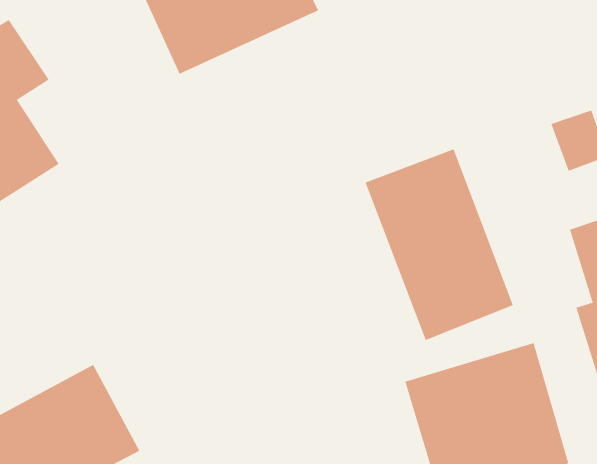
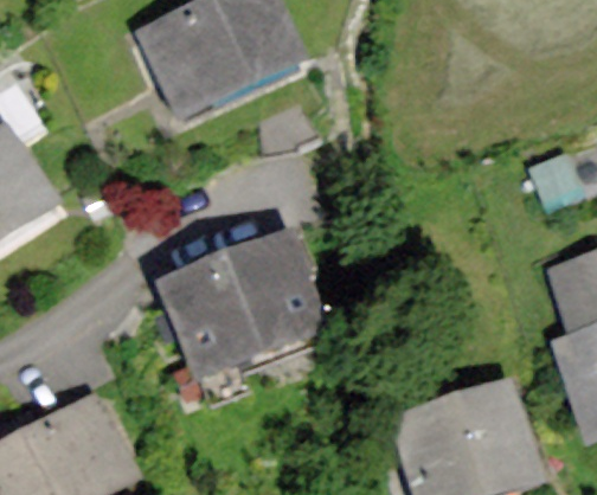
building: [365,148,513,341] -> none
building: none -> [158,230,333,386]

